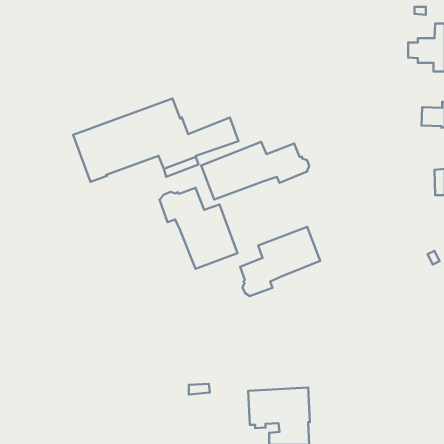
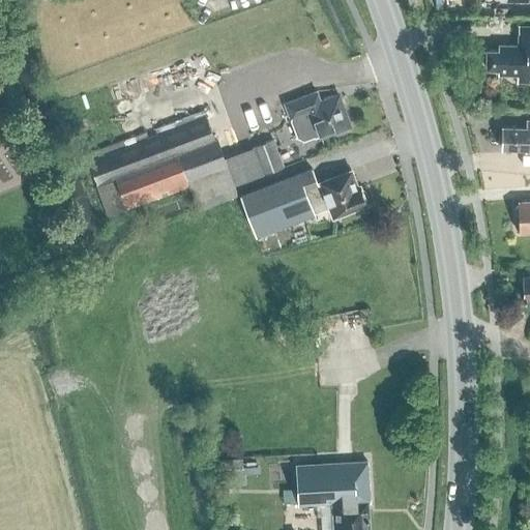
building: none -> [285,92,348,142]
building: [160,188,237,269] -> none
building: [240,227,320,296] -> none

